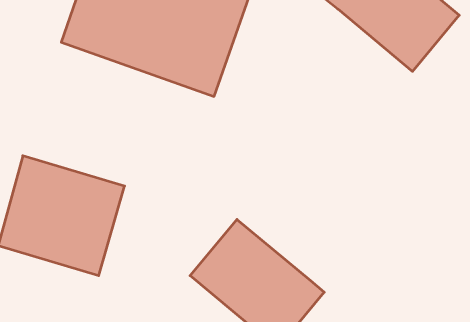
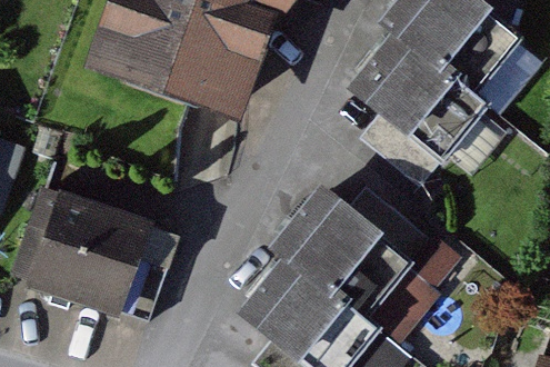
building: none -> [342,30,486,168]
building: none -> [271,182,414,320]

